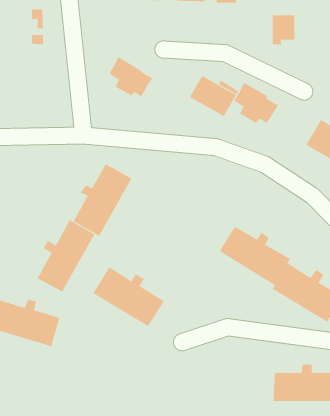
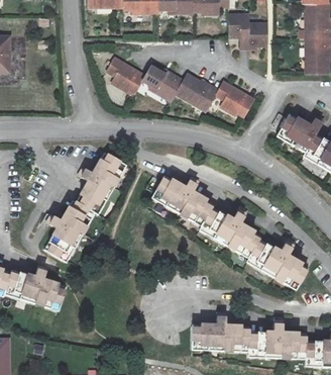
building: none -> [229,14,248,49]
building: none -> [142,67,184,102]
building: [93,266,165,327] -> [155,173,218,225]
building: none -> [193,319,250,353]

